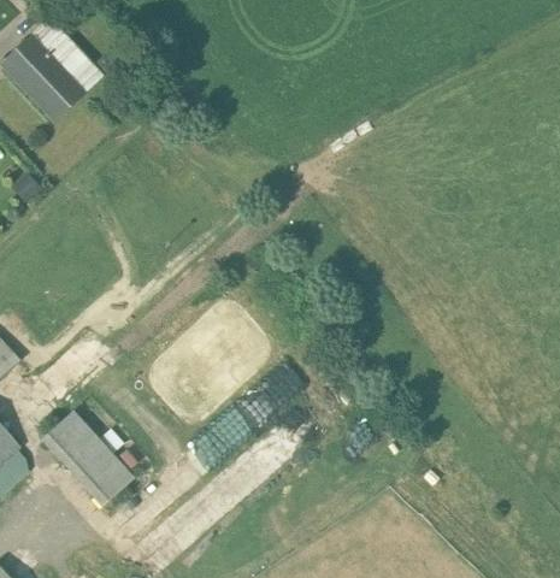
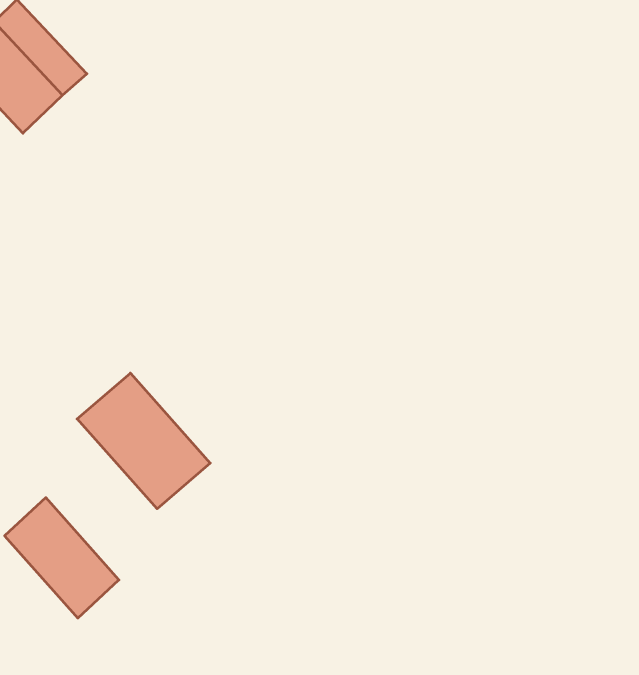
building: none -> [77,373,210,509]

